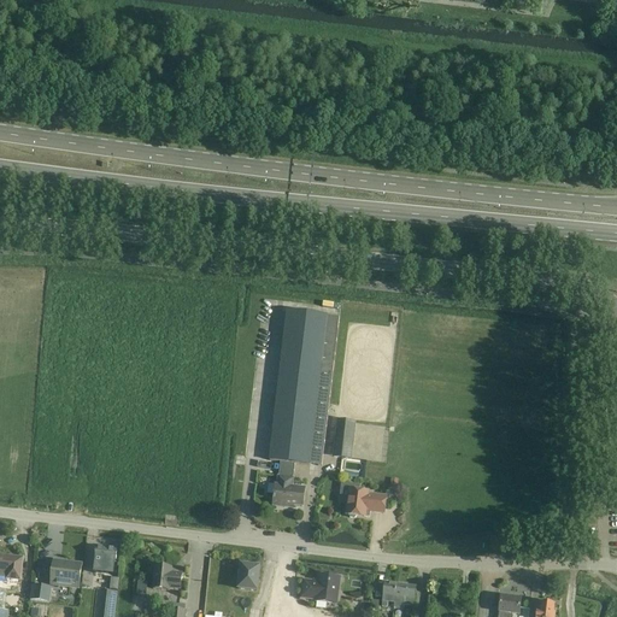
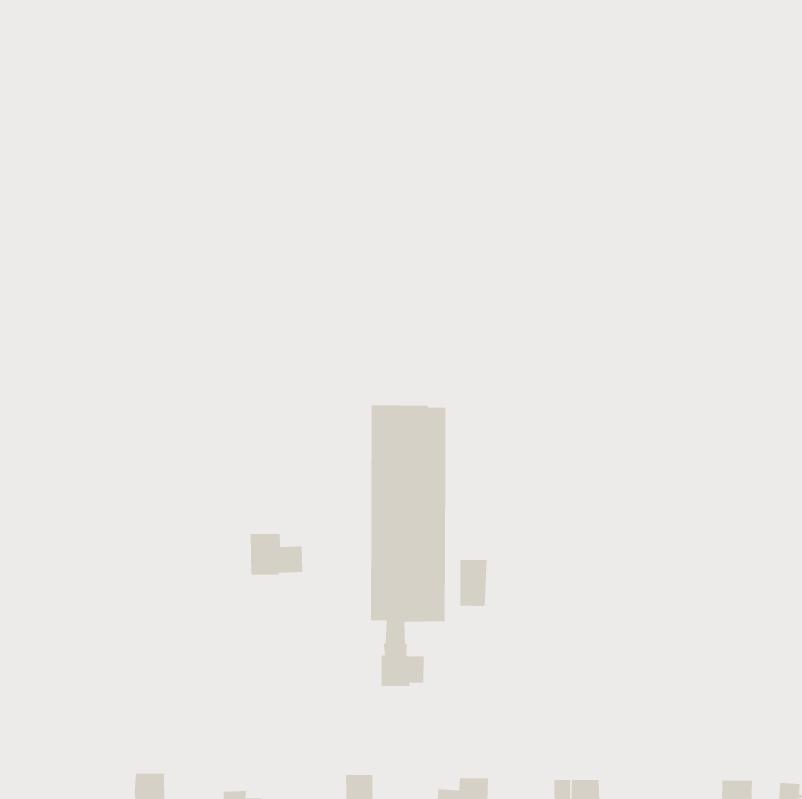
building: none -> [250,533,303,575]
building: [337,480,386,515] -> none

